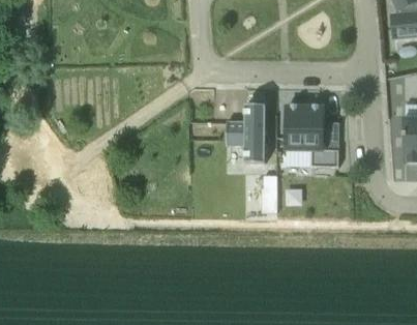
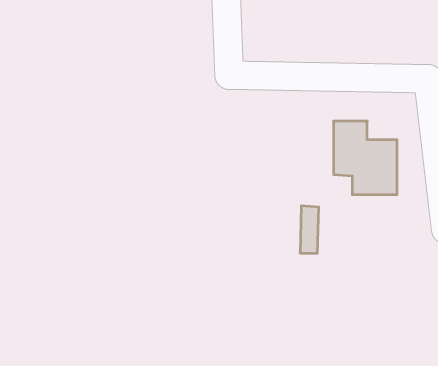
building: [225,104,265,161] -> none

